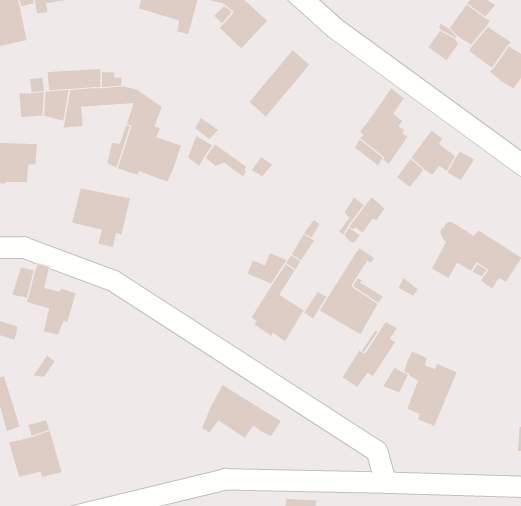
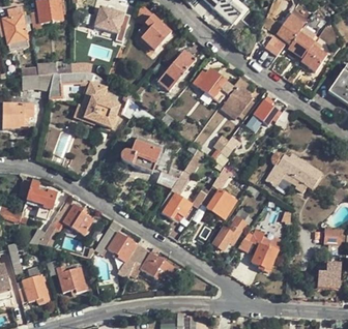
building: none -> [194,67,233,100]
building: none -> [120,136,162,171]
building: none -> [54,201,92,233]
building: none -> [108,231,143,272]
building: none -> [47,257,87,292]

